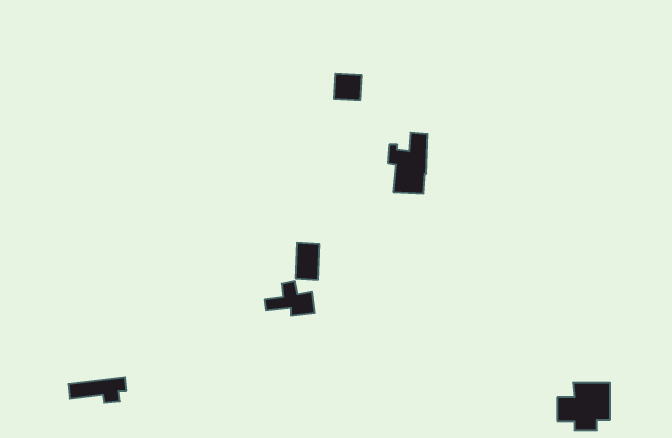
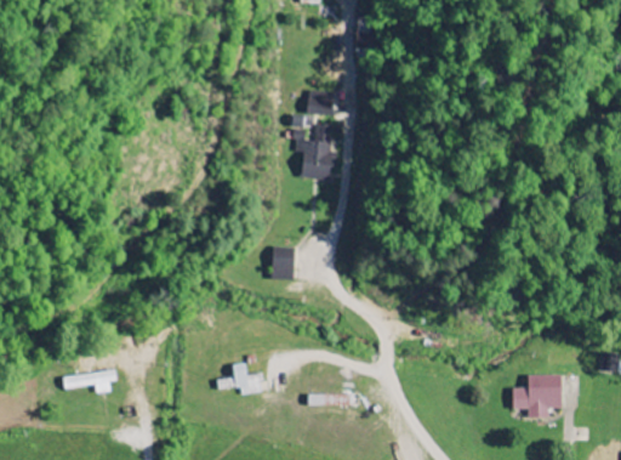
building: [388,133,428,193] -> [296,123,332,178]
building: [265,281,315,316] -> [216,362,262,393]

